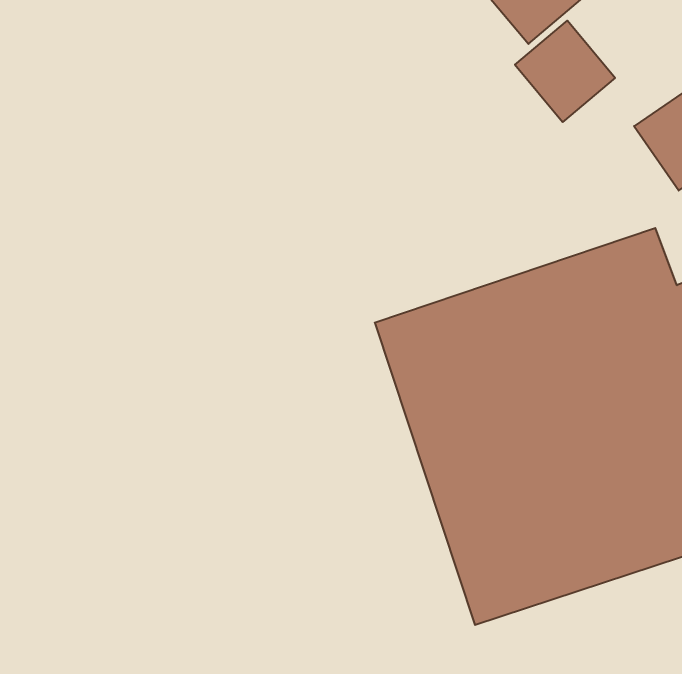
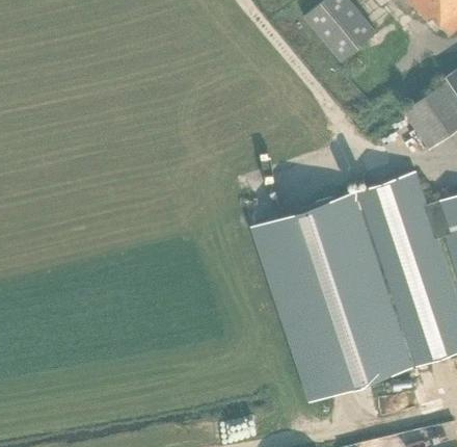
building: [515,21,615,122] -> none

